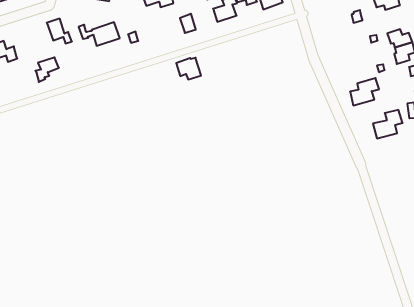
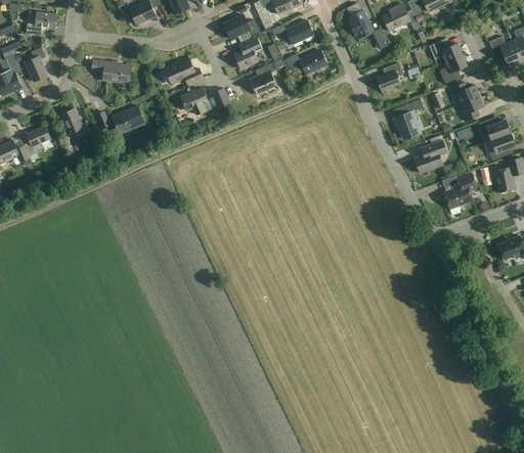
building: none -> [440,53,467,83]
building: none -> [377,62,403,90]
building: none -> [394,98,424,138]
building: [35,57,59,82] -> [25,126,51,155]
building: [176,58,201,79] -> [181,88,211,114]

